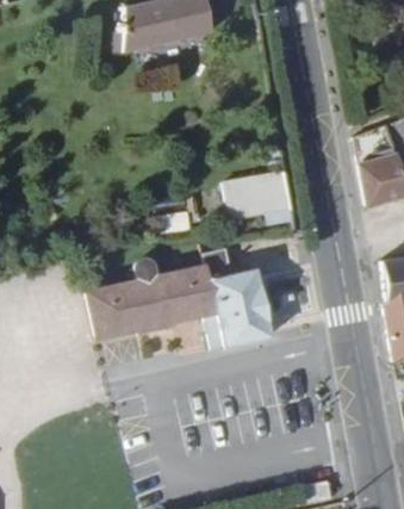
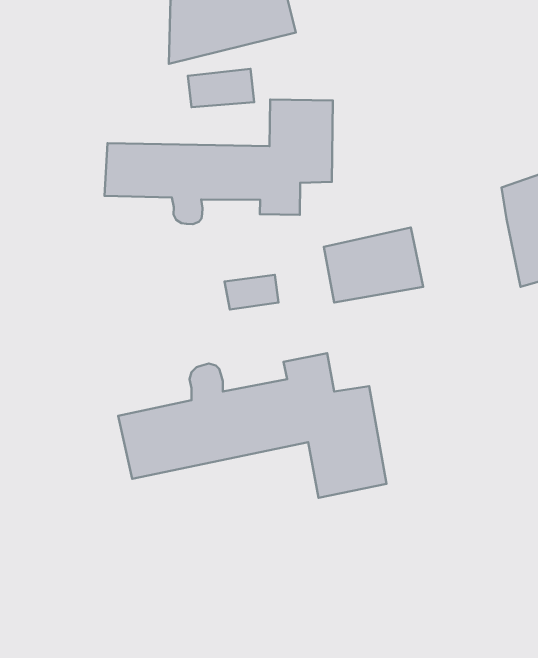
building: none -> [105,100,333,224]

